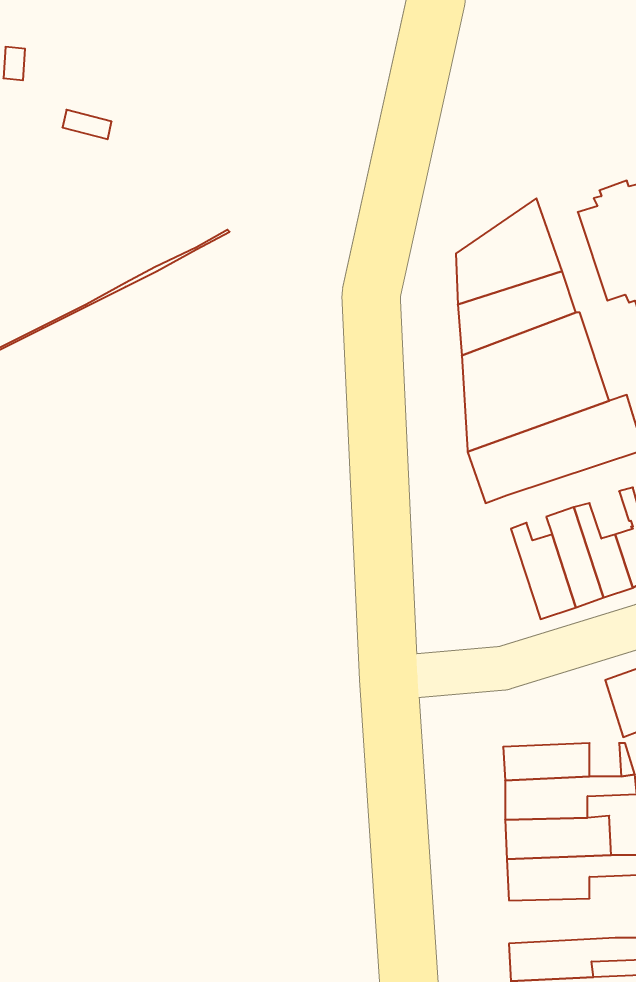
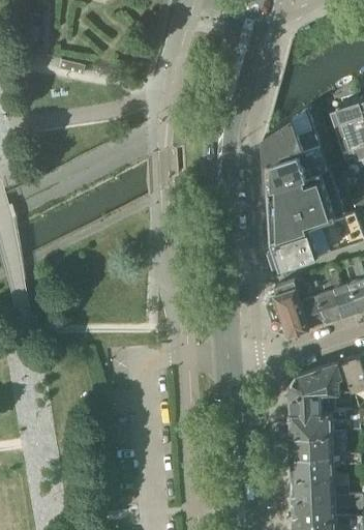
building: none -> [266,284,309,337]
building: none -> [290,365,343,399]
building: none -> [293,477,348,502]

